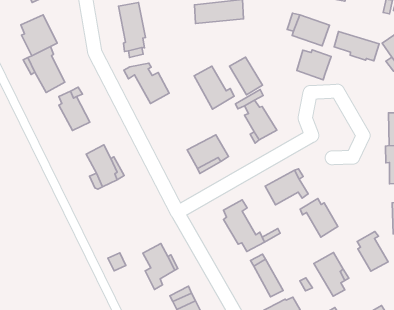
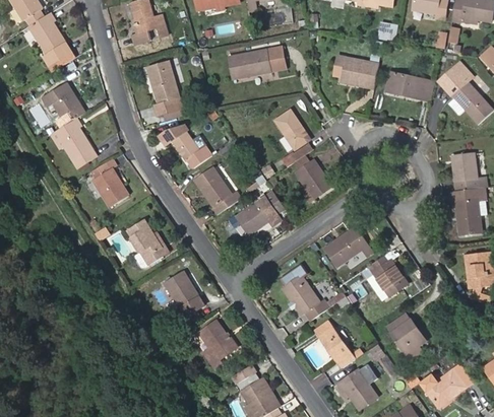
building: [297,50,331,80] -> none
building: [194,66,234,109] -> [194,168,240,215]
building: none -> [164,271,204,327]
building: [357,232,388,271] -> none

